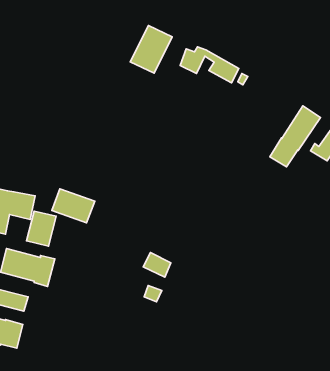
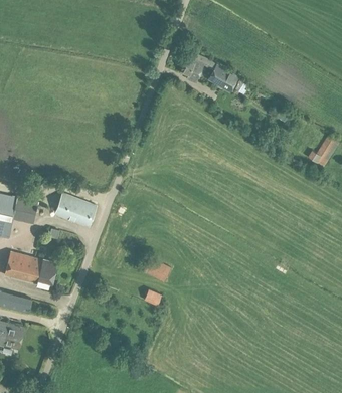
building: [130,26,172,73] -> none
building: [270,106,321,167] -> none
building: [27,211,56,246] -> none

